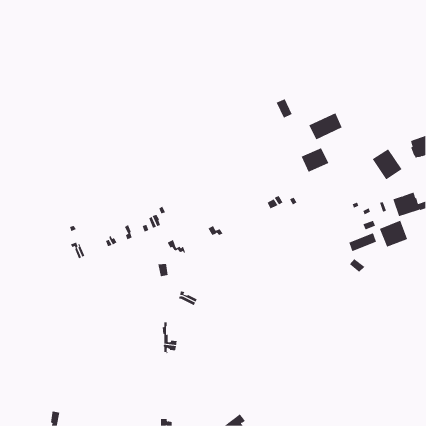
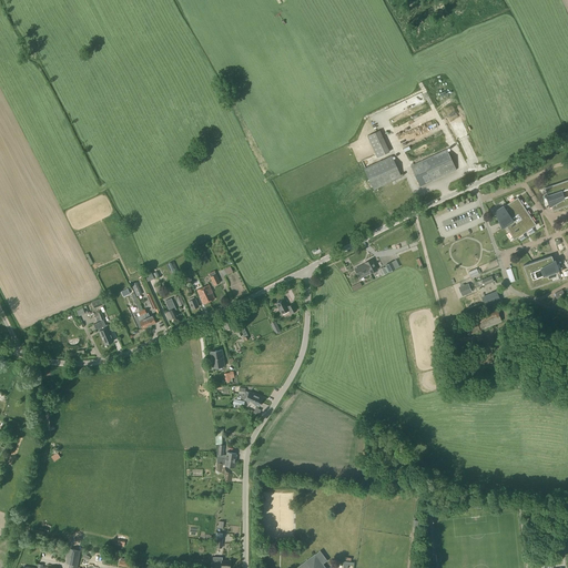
building: [301,147,329,172] -> [364,156,402,190]
building: [379,220,408,247] -> none

